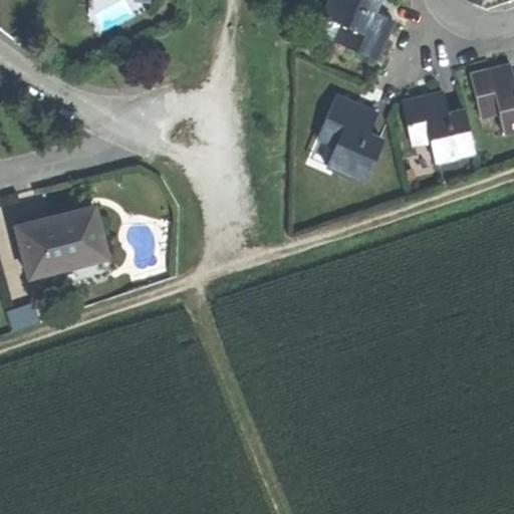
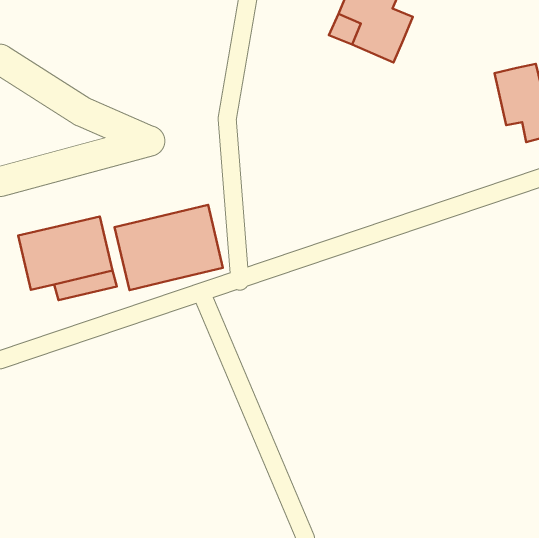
building: [406,93,473,163] -> none
building: [319,94,381,180] -> none
building: none -> [115,205,223,290]

